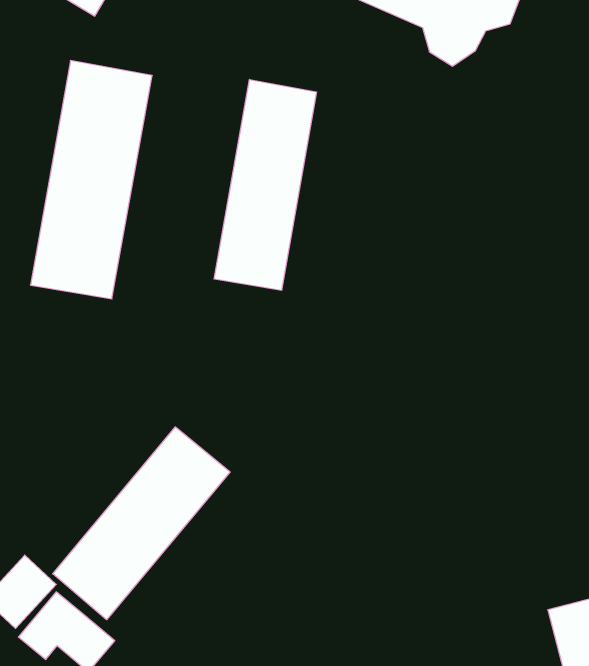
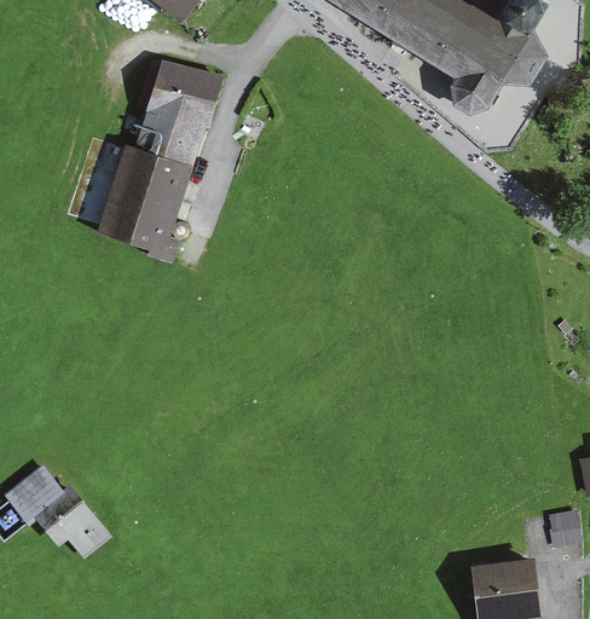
building: [214,79,316,290] -> none
building: [53,427,230,620] -> none

